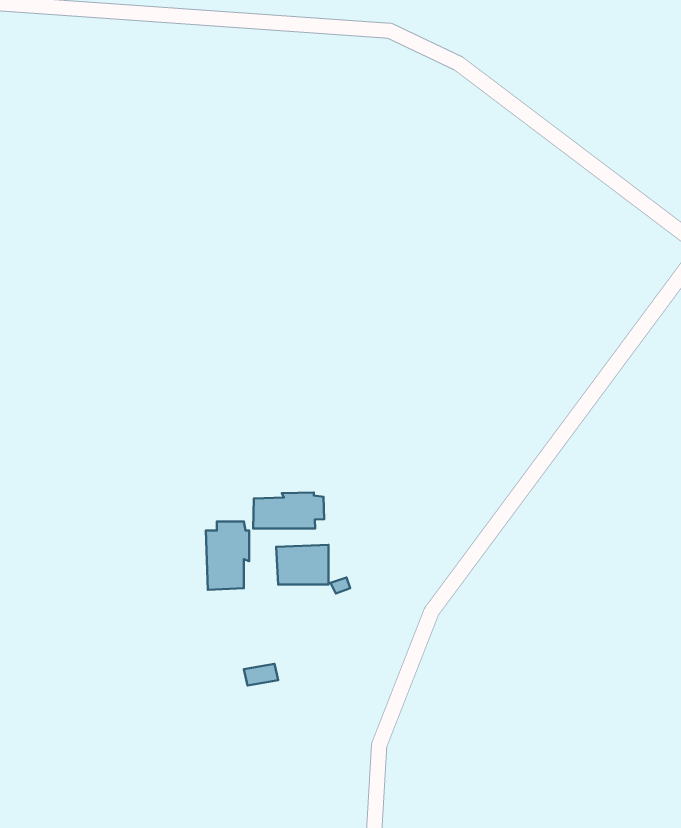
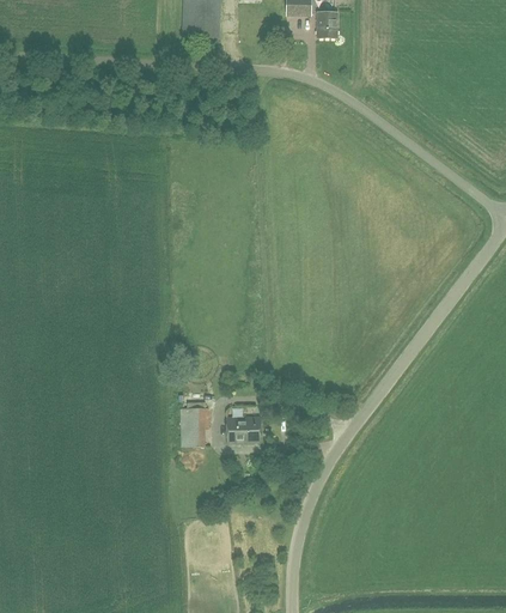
building: [253,492,324,528] -> none

